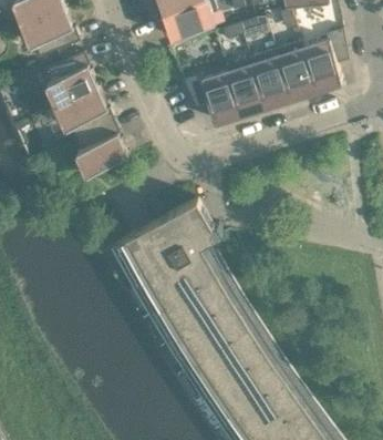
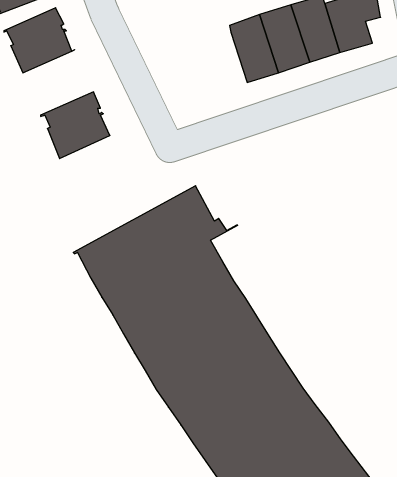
building: [182,72,239,121] -> none
building: [56,86,114,140] -> none

